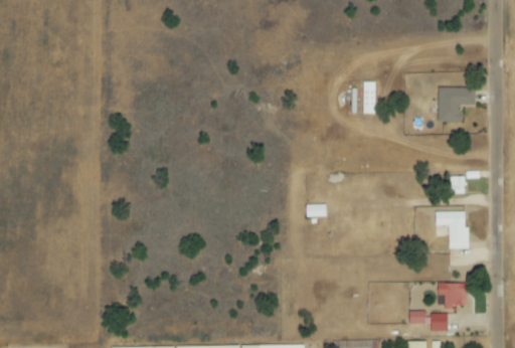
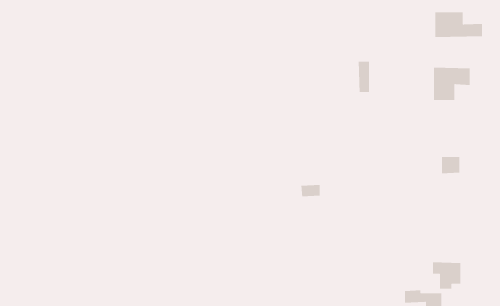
building: none -> [435,12,483,38]
building: [436,212,468,249] -> none

